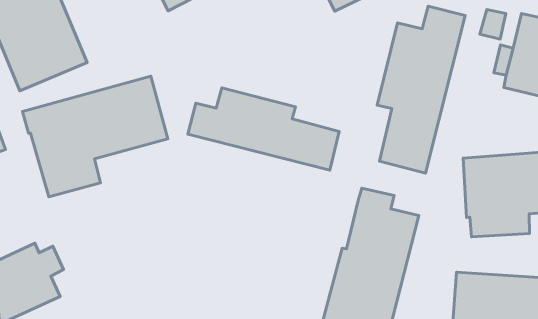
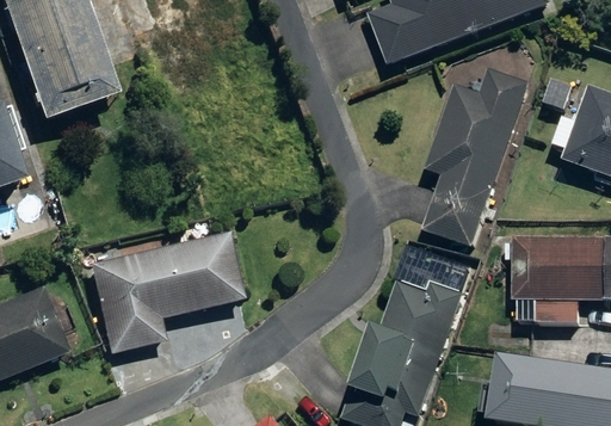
building: [22,76,168,197] -> [85,231,240,353]
building: [188,88,339,170] -> none

